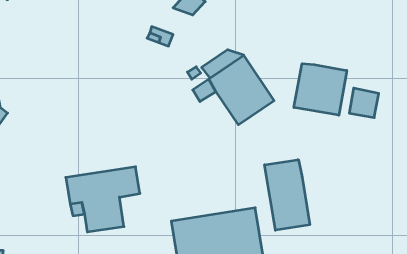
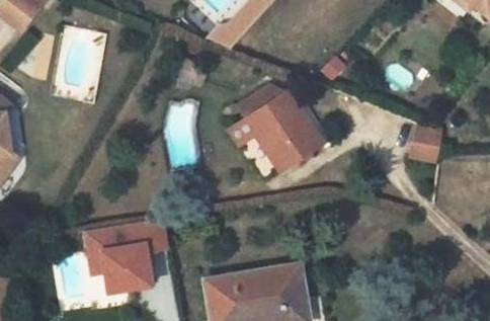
building: [294,64,347,115] -> none
building: [265,160,310,230] -> none

